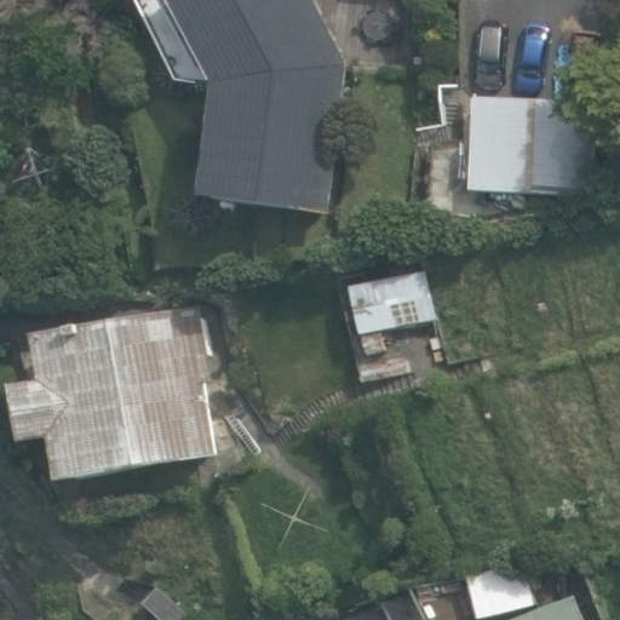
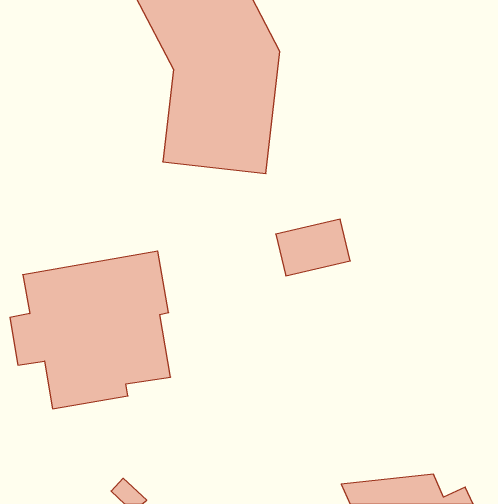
building: [465,94,590,195] -> none

